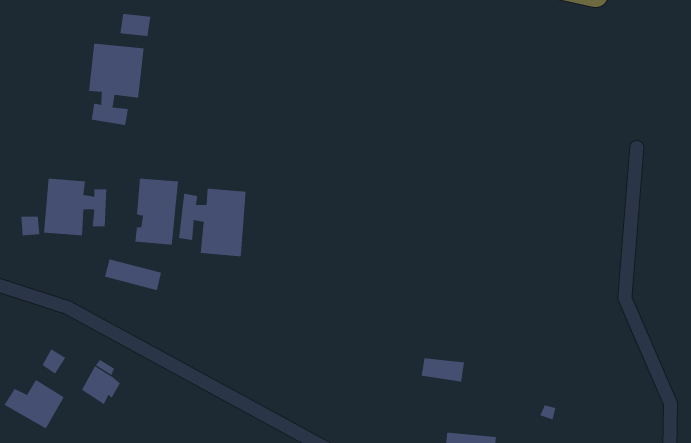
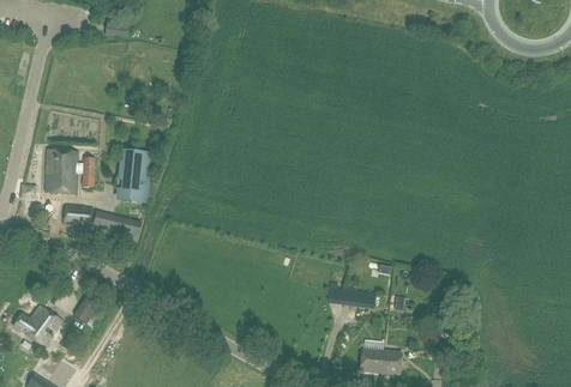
building: [89,43,144,126] -> none
building: [179,188,246,257] -> none
building: none -> [62,204,92,226]

